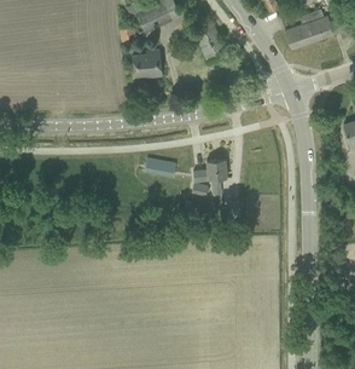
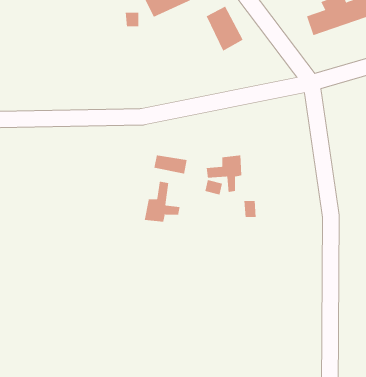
building: [133,50,163,76] -> none
building: none -> [144,181,180,223]

